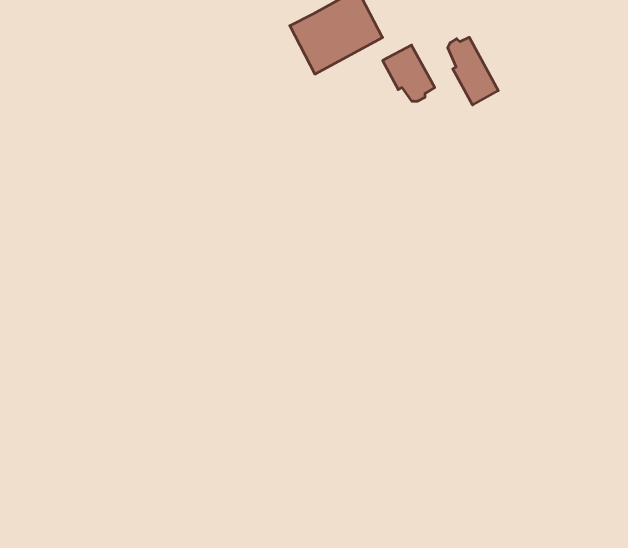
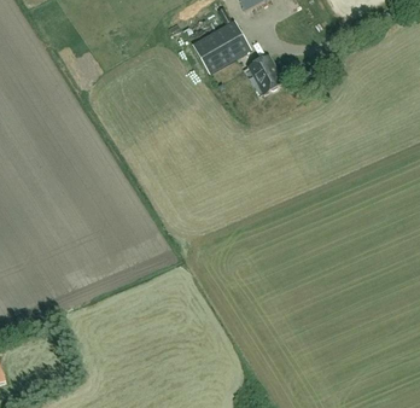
building: [448,37,498,105] -> none

